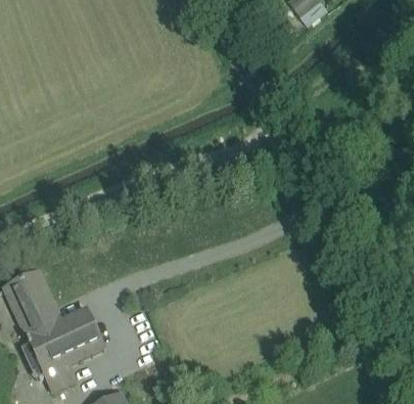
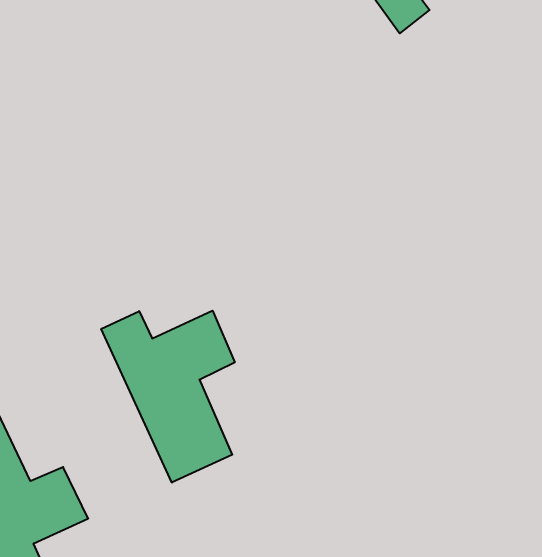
building: none -> [101,311,235,483]

